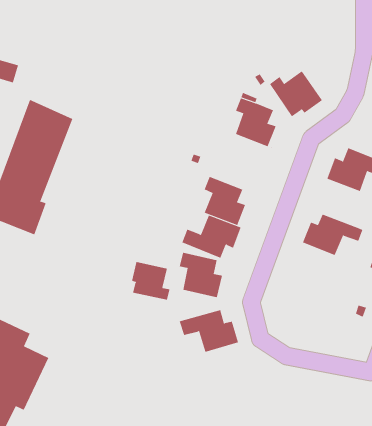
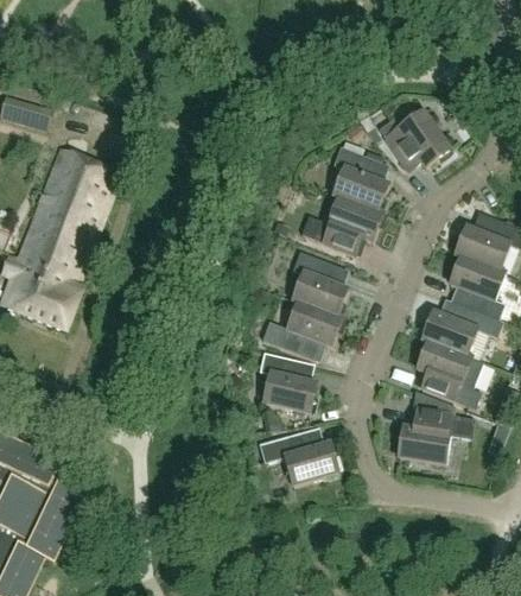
building: none -> [300,195,381,254]
building: none -> [447,254,503,319]
building: none -> [415,338,482,408]
building: [131,261,170,300] -> none
building: none -> [398,410,474,464]

